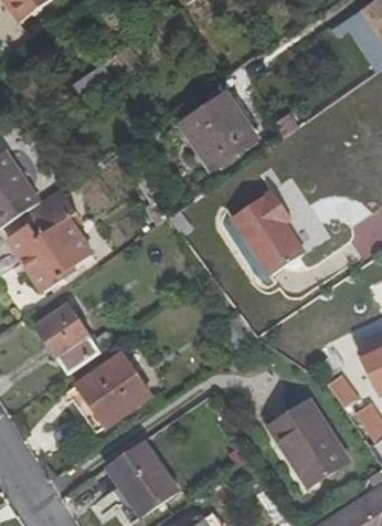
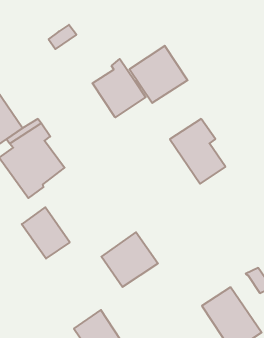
building: none -> [92,59,146,117]
building: [72,347,146,419] -> [101,232,158,287]

